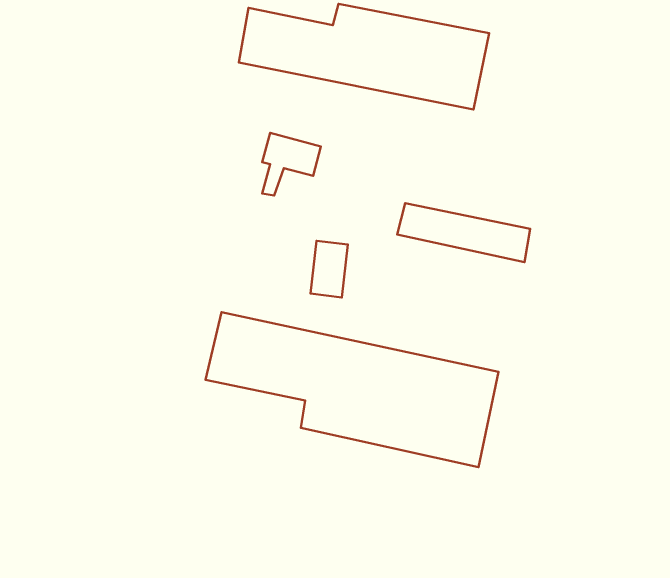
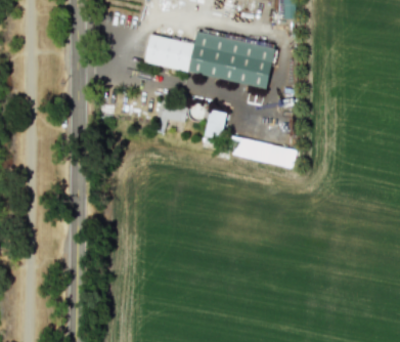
building: [311,241,348,297] -> [206,110,225,139]
building: [205,312,499,467] -> none

